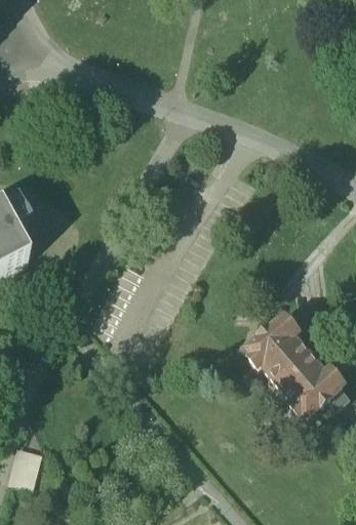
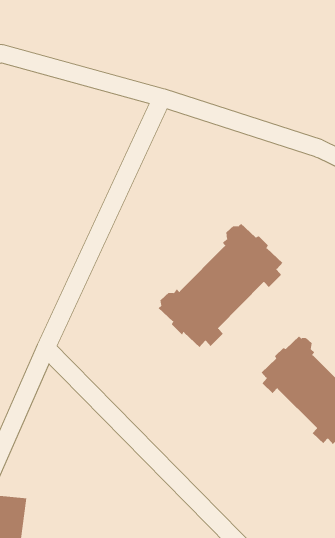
building: none -> [158,223,283,348]

